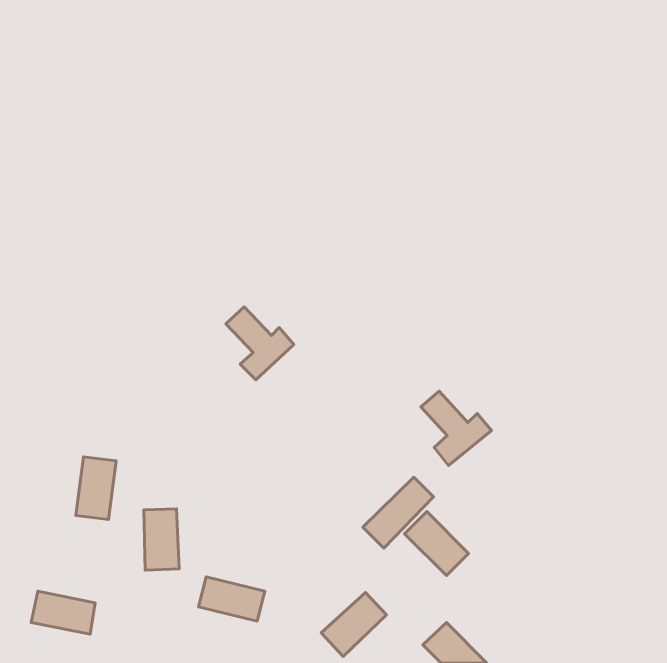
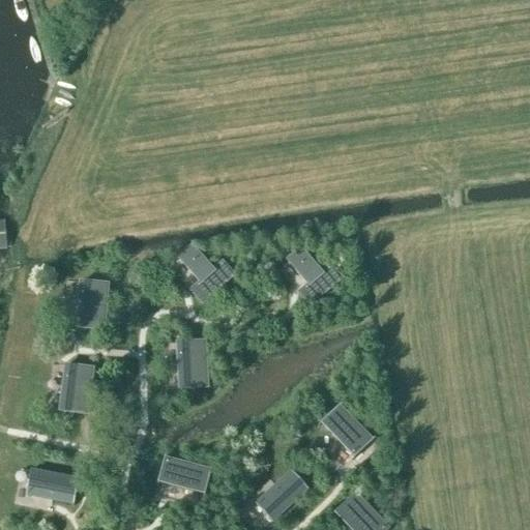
building: none -> [77,278,105,328]
building: [421,391,491,466] -> [288,245,344,304]
building: [363,477,434,548] -> none
building: [144,509,179,570] -> [178,338,206,387]

